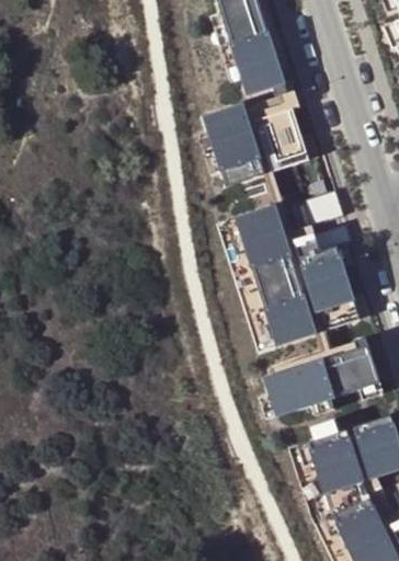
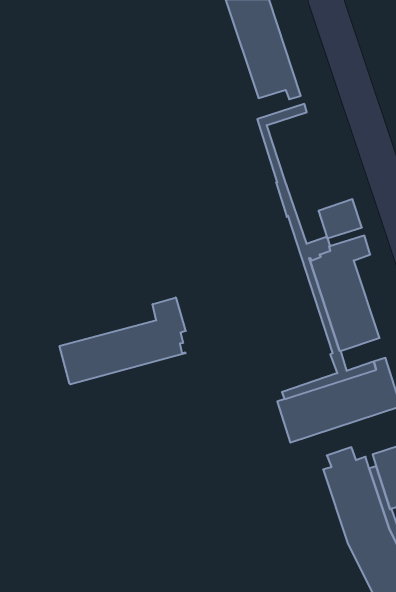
building: [204,104,265,186] -> none
building: [255,108,309,171] -> none
building: [237,205,317,346] -> none
building: none -> [60,297,186,384]

